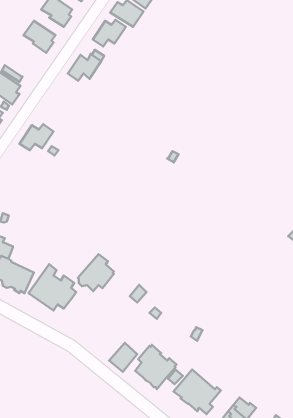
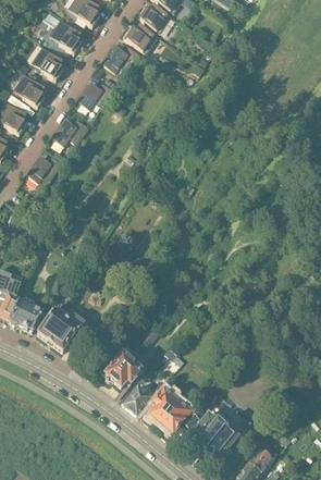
building: none -> [13,73,46,107]
building: none -> [52,118,87,146]
building: [78,254,114,291] -> [103,348,141,387]

